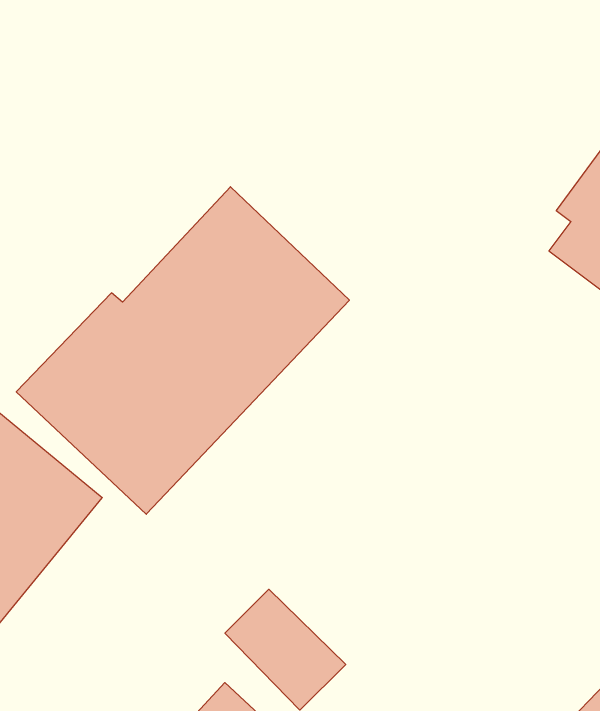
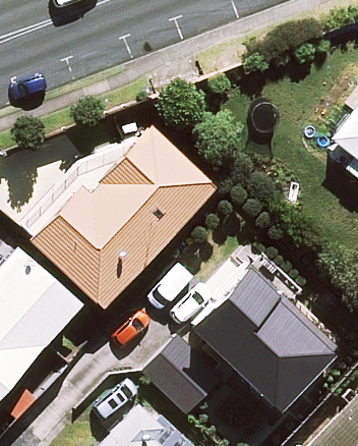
building: none -> [190,267,335,408]

